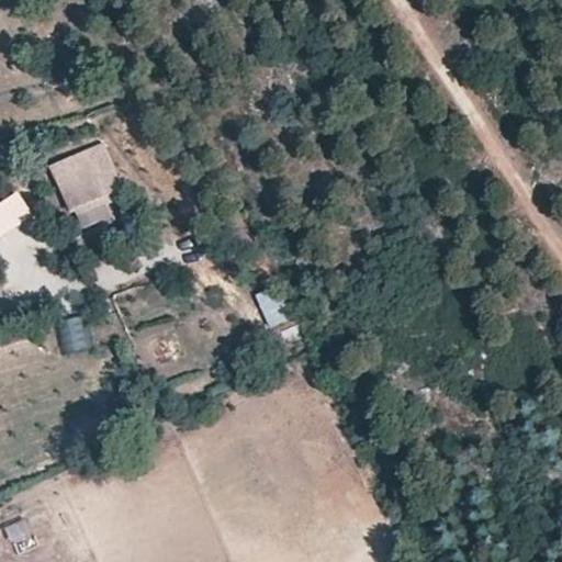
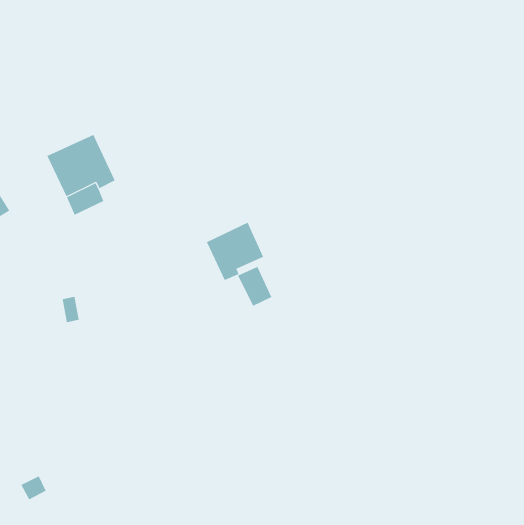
building: none -> [206,222,264,281]

